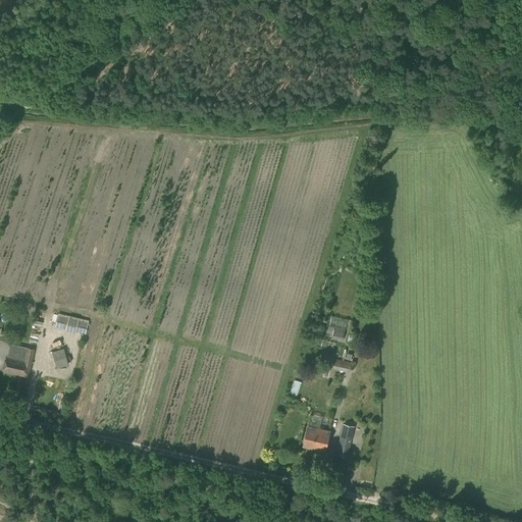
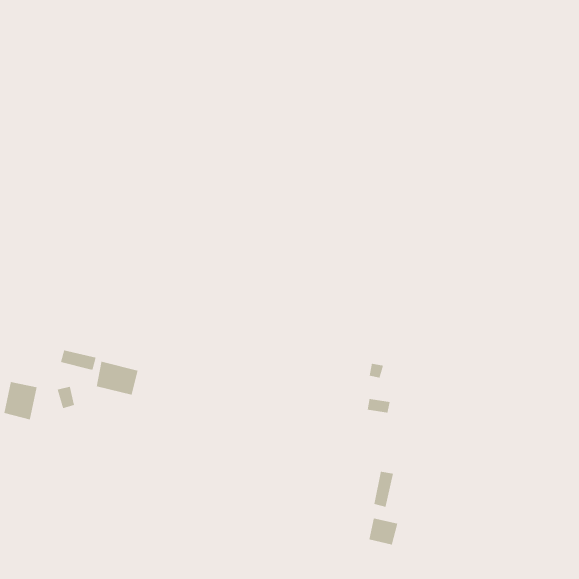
building: none -> [96,361,138,395]
building: [303,425,329,450] -> [369,518,398,545]

